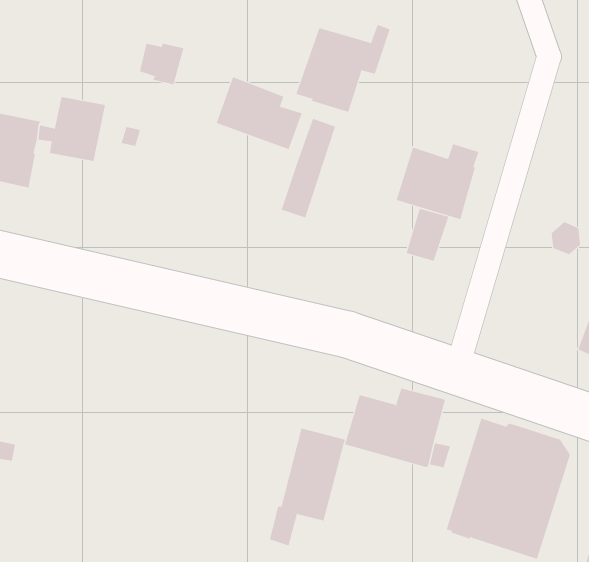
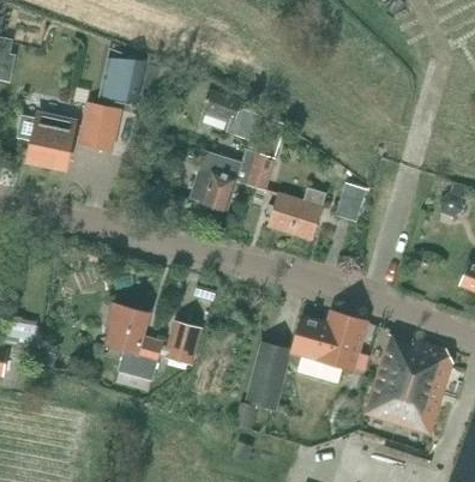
building: [295,24,390,112] -> [188,149,257,212]
building: none -> [96,61,146,108]
building: [396,143,479,220] -> [266,188,326,243]
building: none -> [104,303,200,380]

